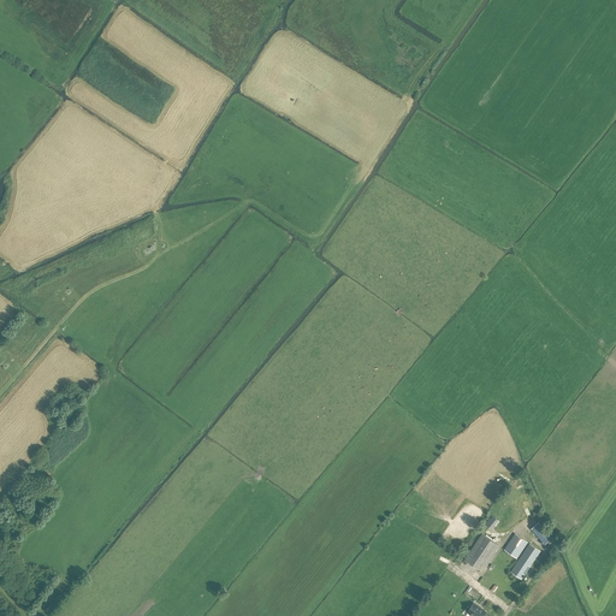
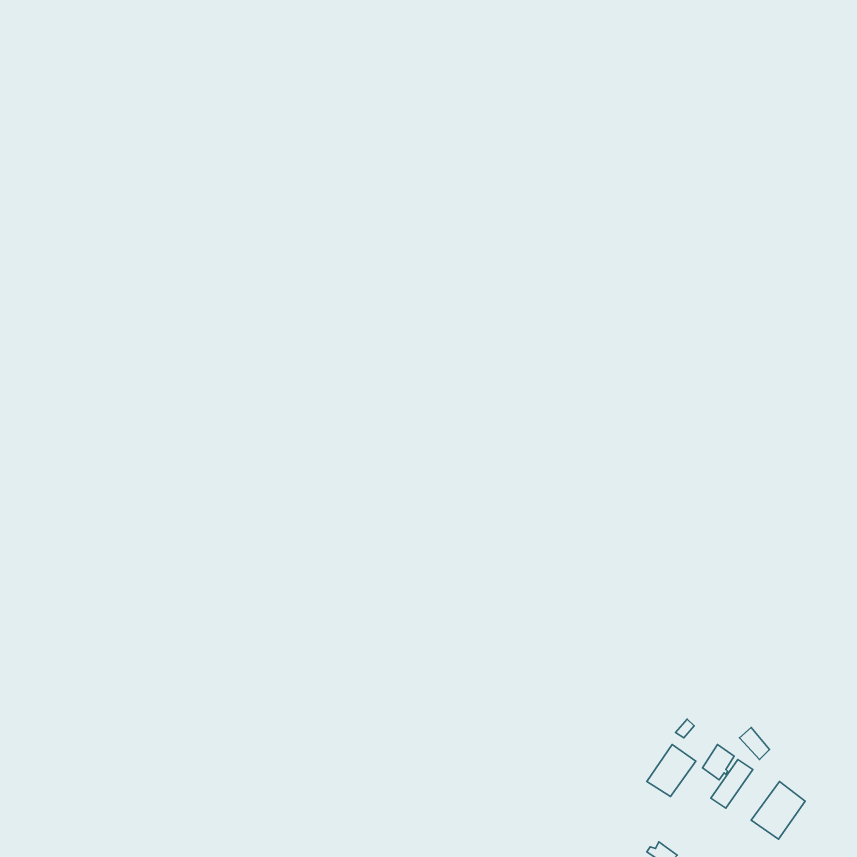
building: none -> [751,782,805,839]

